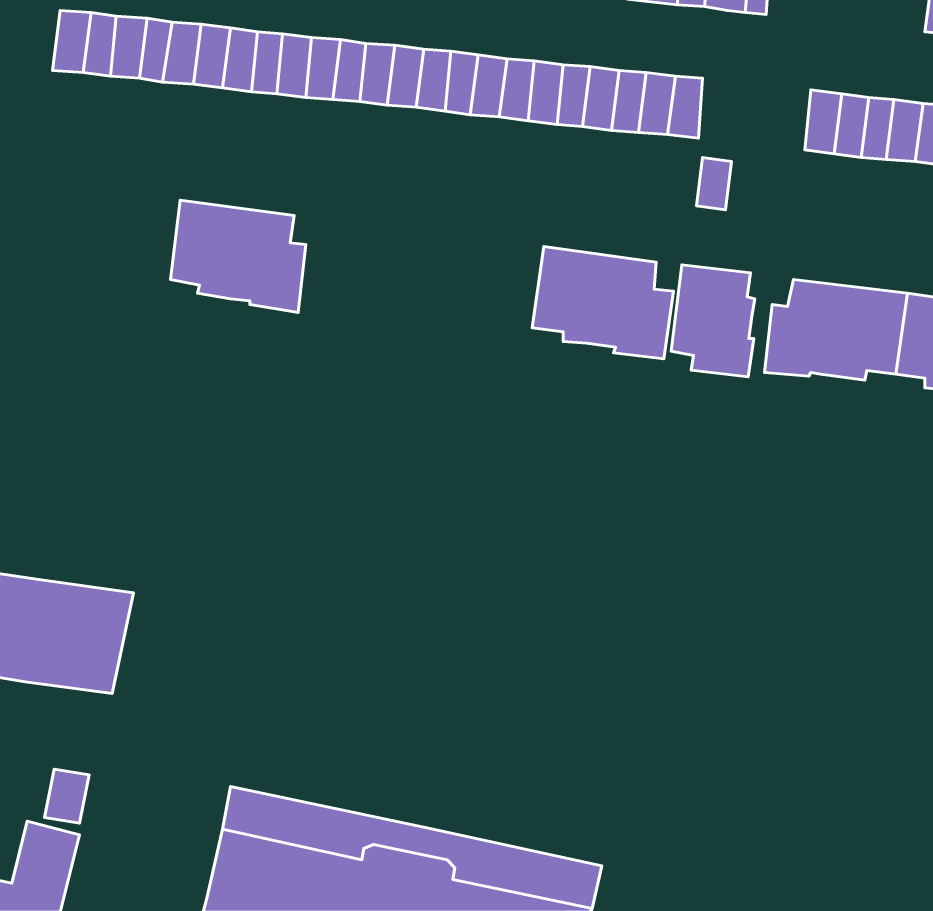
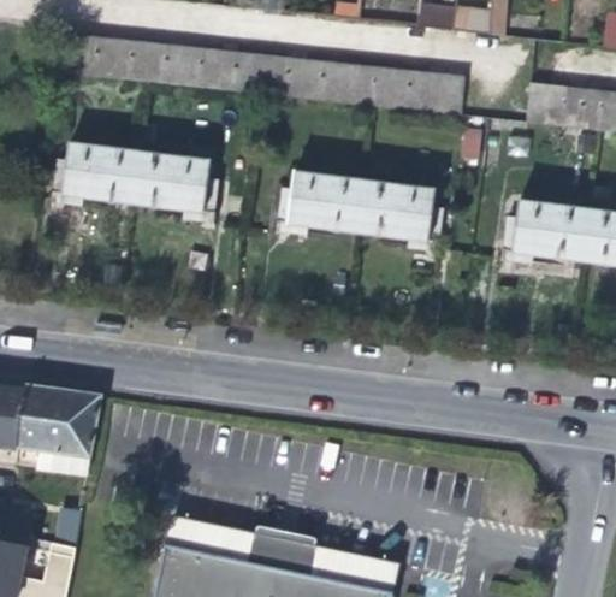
building: none -> [52,142,138,203]
building: none -> [277,171,365,234]
building: [671,265,755,377] -> none

